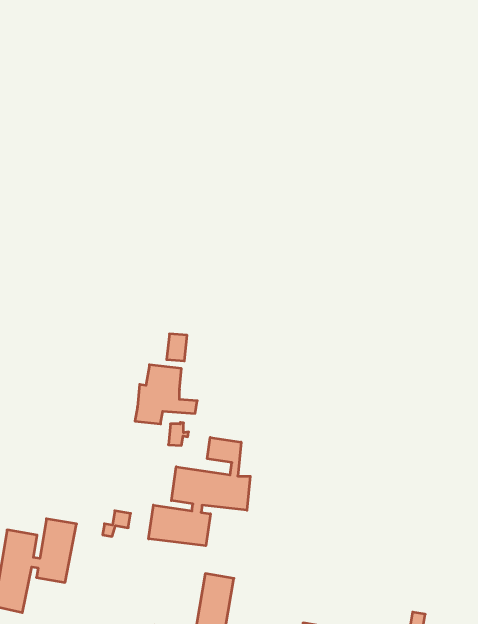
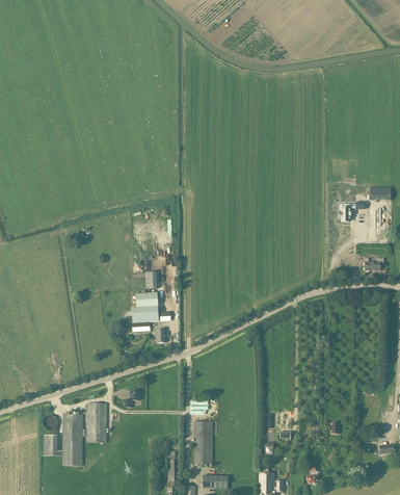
building: [149,437,250,546] -> none

